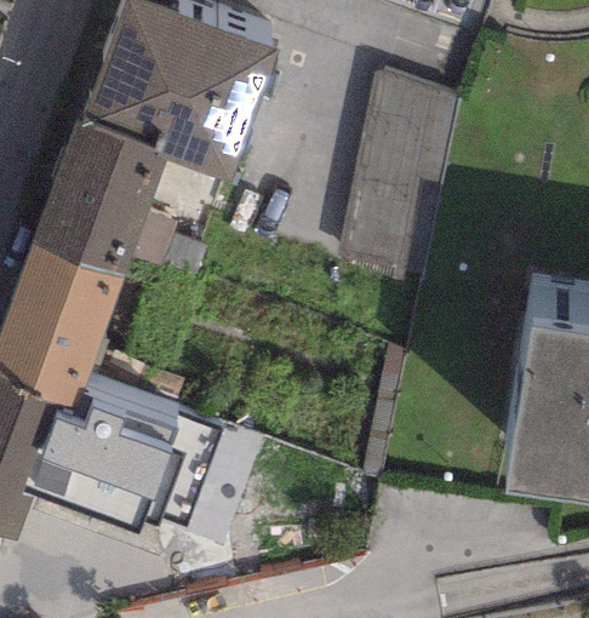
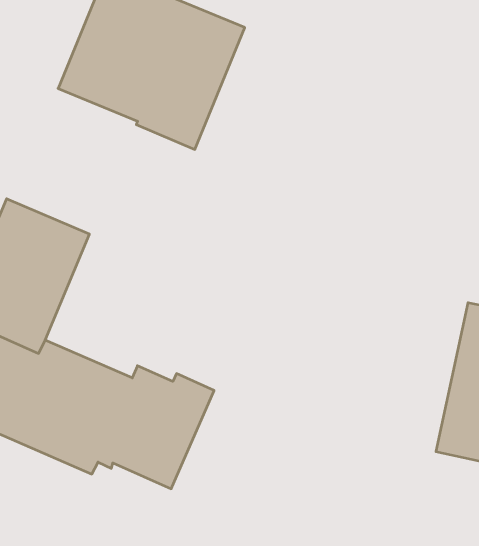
building: [337,64,457,270] -> none
building: [32,119,167,274] -> none

